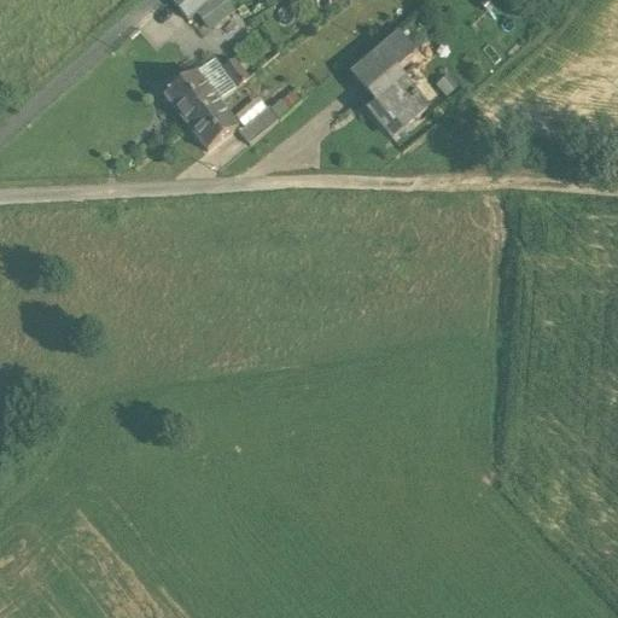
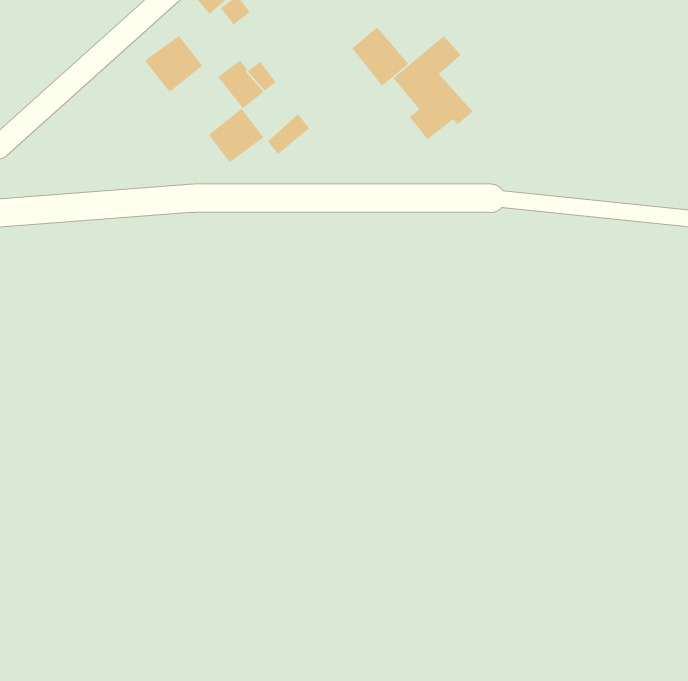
building: none -> [351,26,409,87]
building: [163,69,216,121] -> [144,35,203,93]

